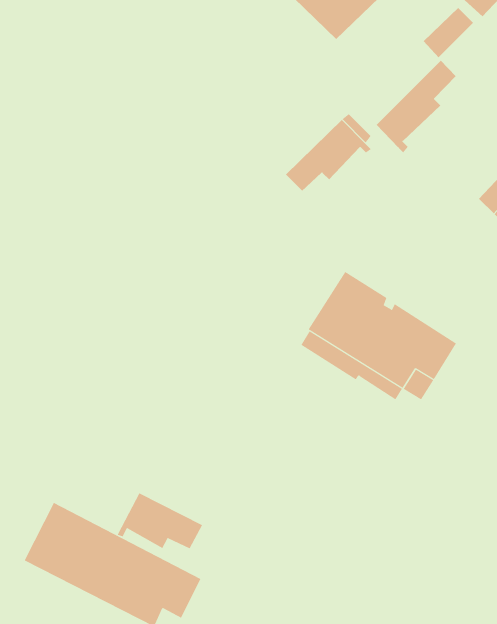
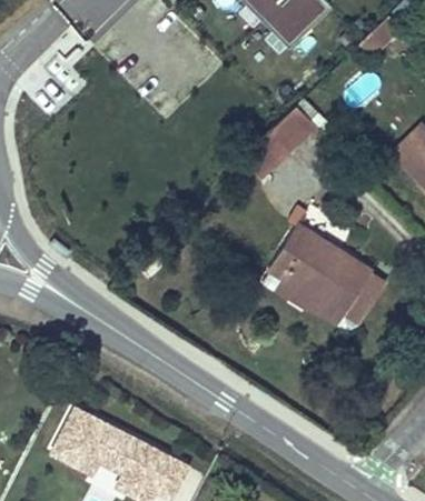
building: [376,60,456,153] -> none
building: [117,492,203,549] -> none

